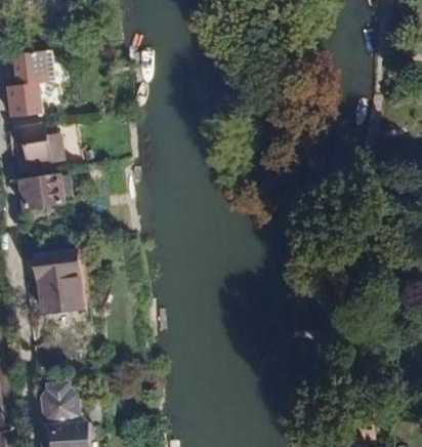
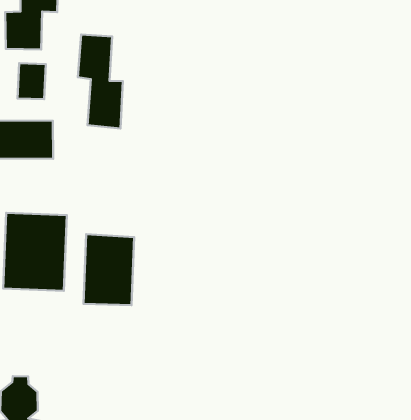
building: none -> [78,34,123,128]
building: none -> [83,234,134,305]

